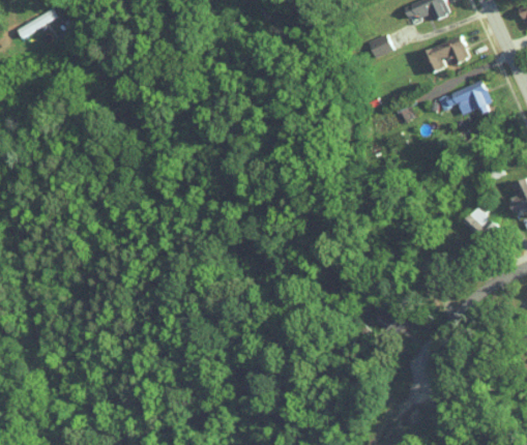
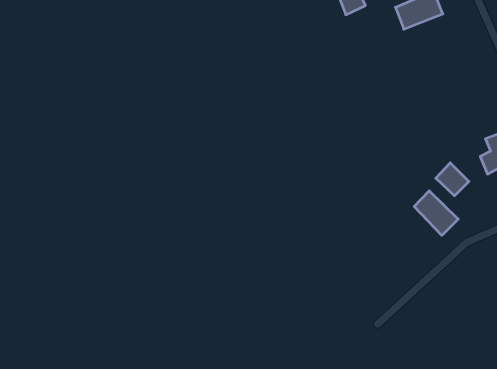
building: [438,82,493,115] -> none
building: none -> [414,191,458,235]

